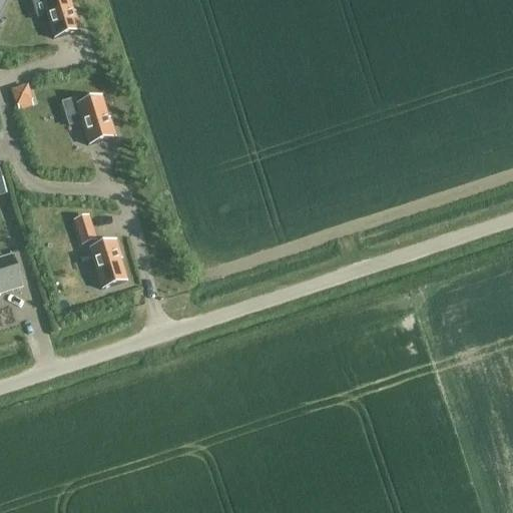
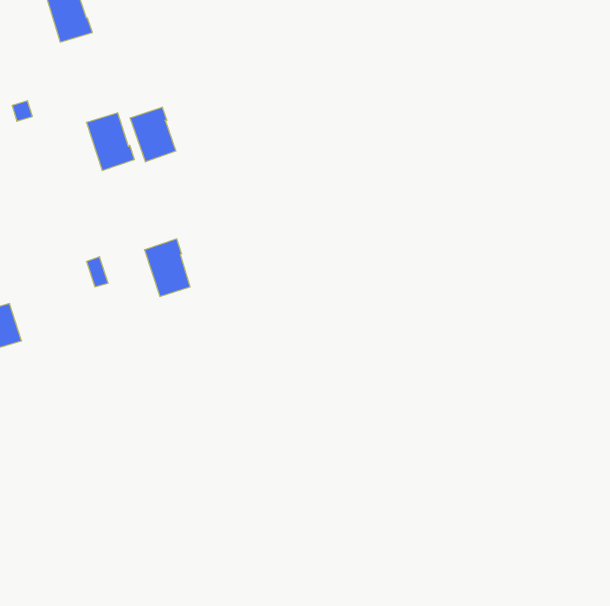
building: none -> [130,107,176,162]
building: [85,237,123,286] -> [144,239,190,297]

